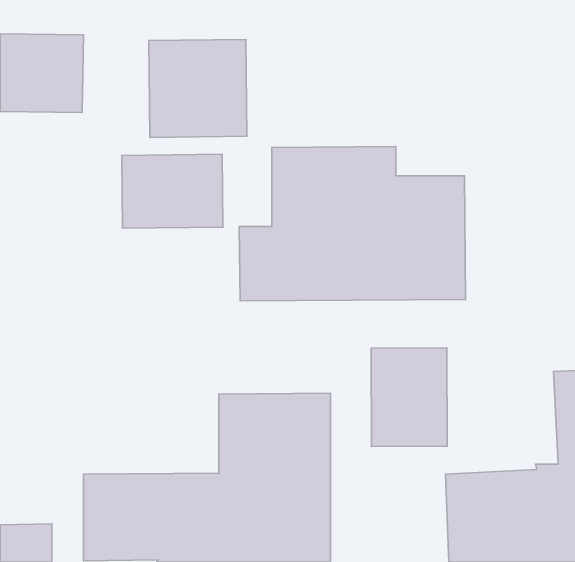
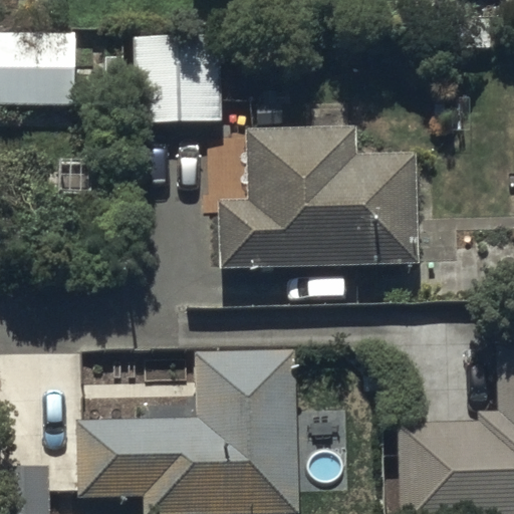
building: [122,154,223,228] -> none
building: [371,348,447,447] -> none

